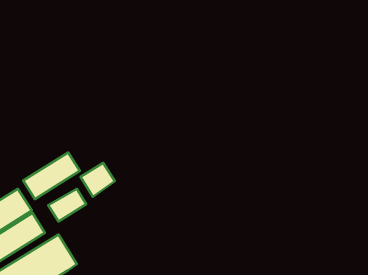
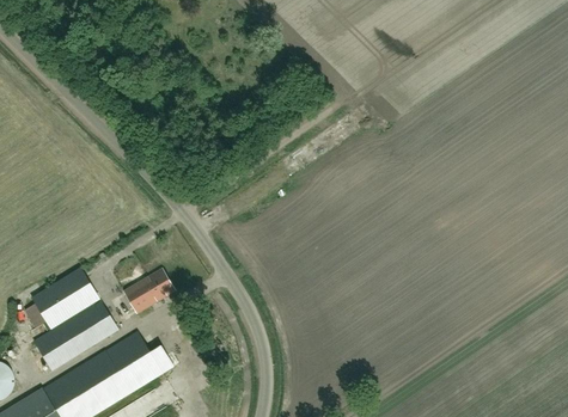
building: [23,152,80,199] -> none
building: [80,163,115,197] -> none

